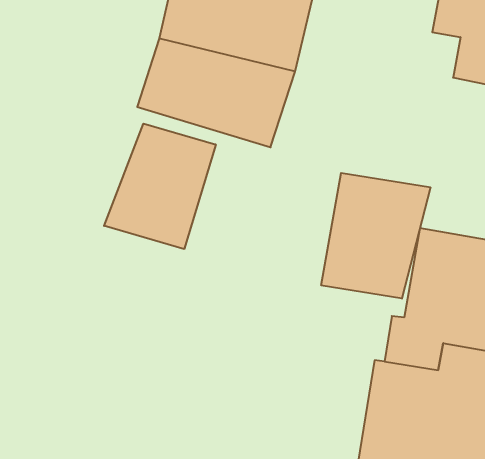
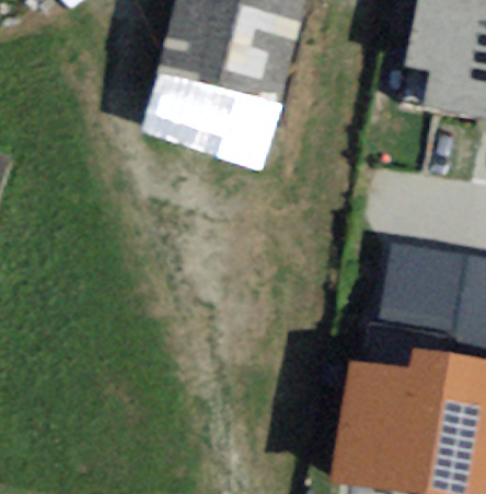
building: [104,124,216,249] -> none
building: [321,173,430,299] -> none

